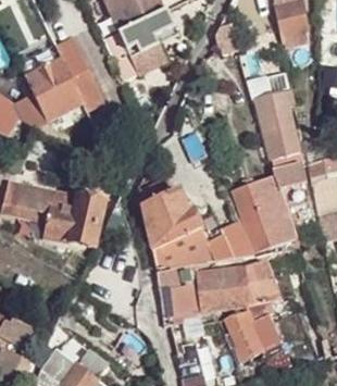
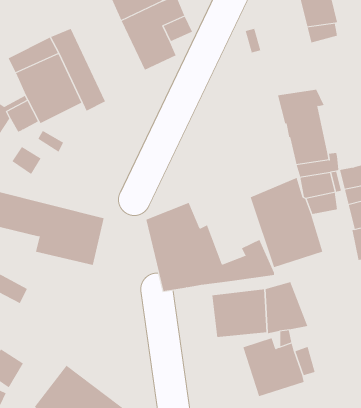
building: [155,266,198,317] -> none

